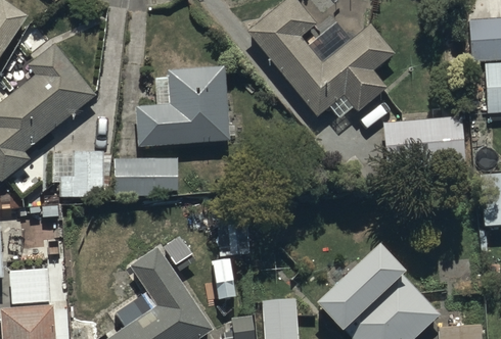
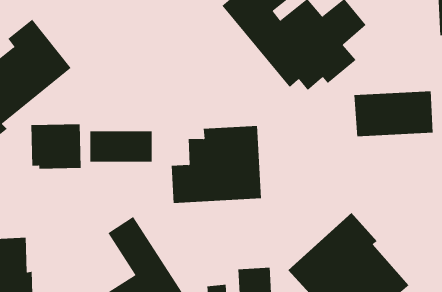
building: [136,64,229,144] -> [171,126,262,204]

